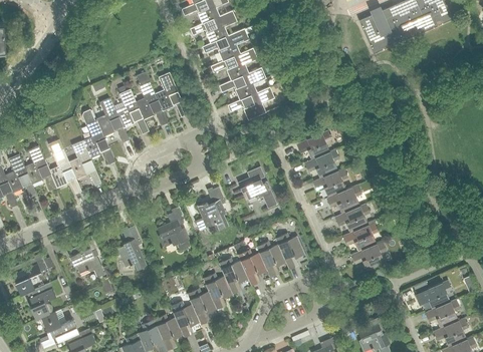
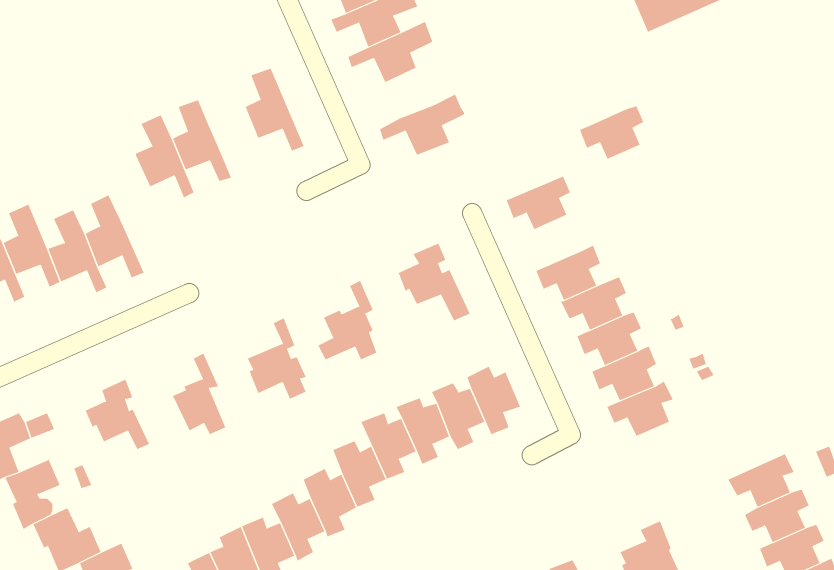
building: [219,67,266,99] -> none
building: [136,71,168,125] -> none
building: [82,119,115,164] -> none
building: [304,149,339,179] -> [579,106,644,160]

